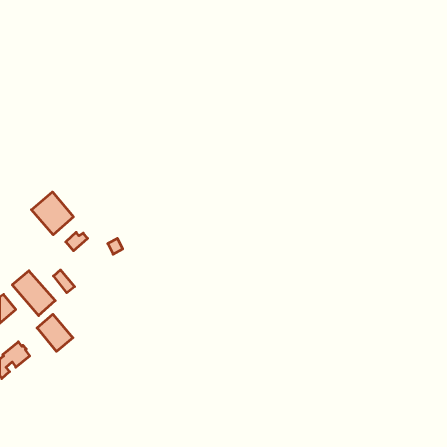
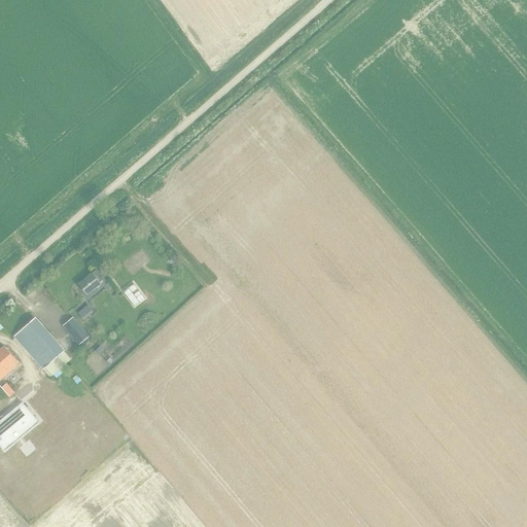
building: [31,192,73,235] -> none
building: [37,314,73,351] -> none

